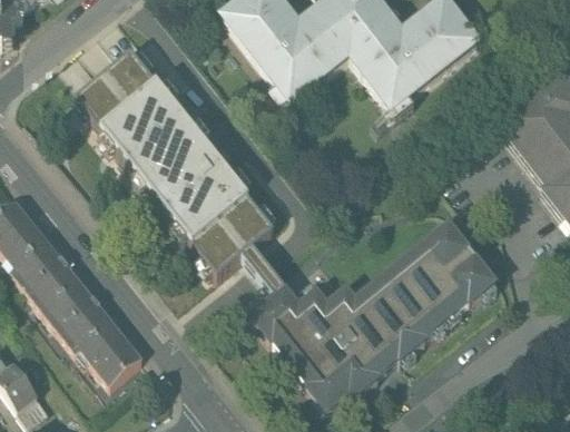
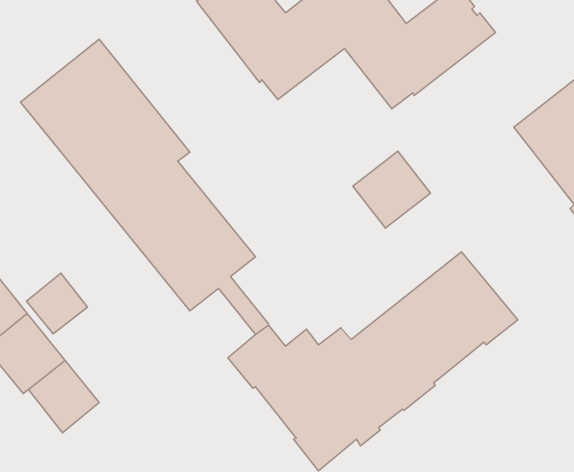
building: none -> [353,151,431,228]
building: none -> [27,273,87,334]

